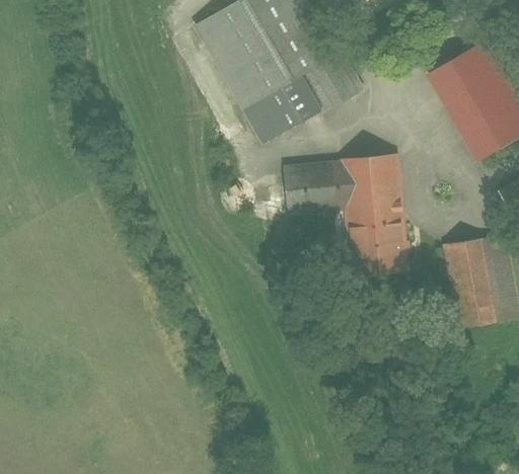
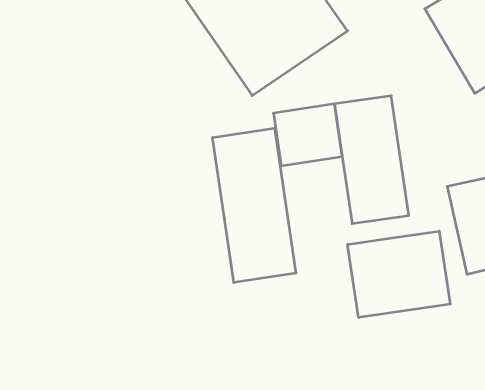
building: none -> [213,128,296,283]
building: none -> [348,231,450,318]

